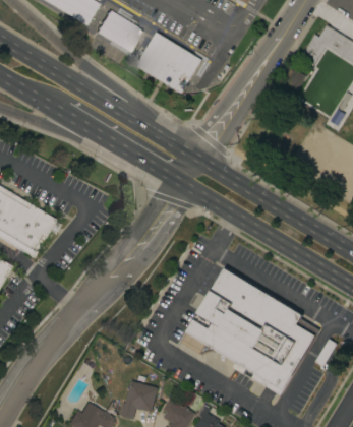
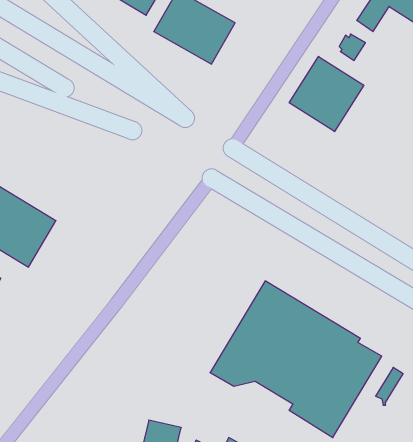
building: none -> [289,56,364,132]

